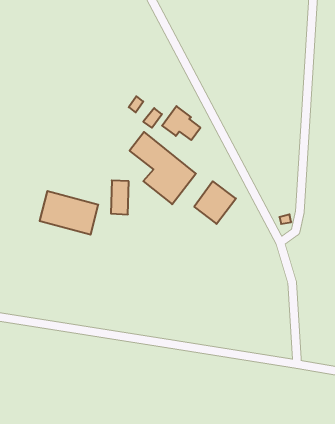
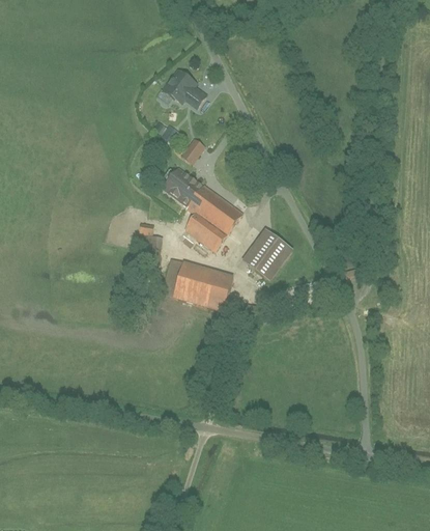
building: [162,106,200,140] -> [165,69,211,111]
building: [40,191,98,235] -> [161,257,232,310]

